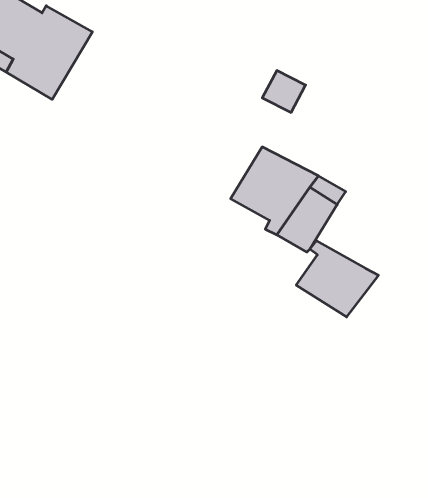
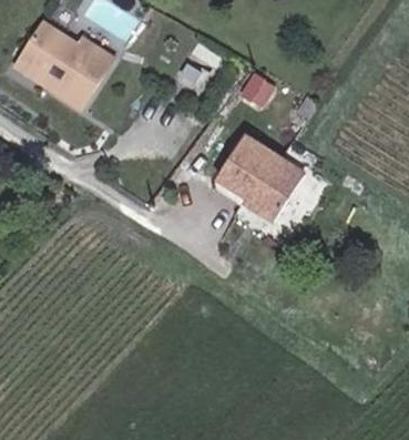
building: [296,241,378,317] -> none

